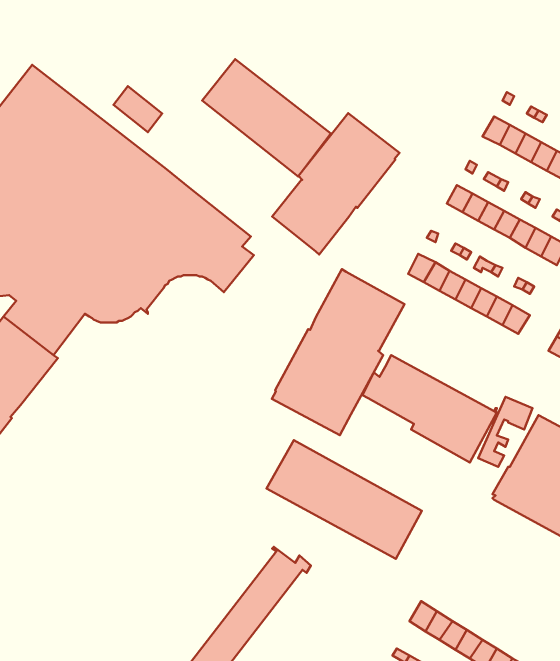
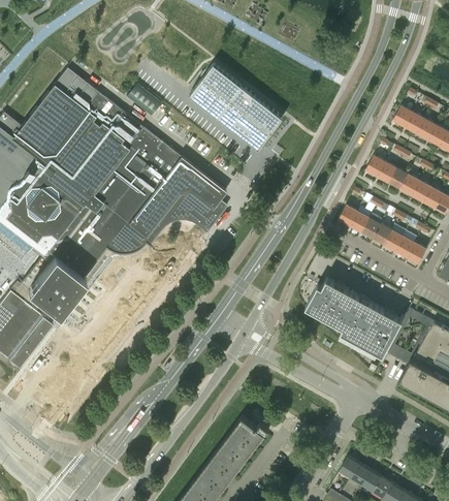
building: [272,113,399,255] -> none
building: [272,269,405,435] -> none
building: [267,440,422,559] -> none

